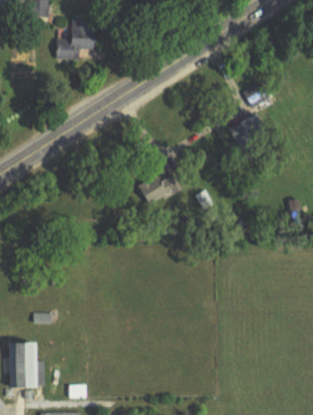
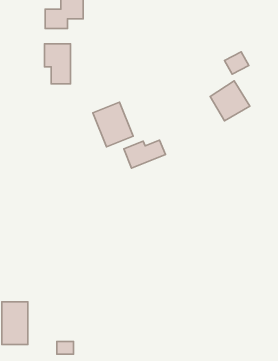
building: none -> [45,44,70,84]
building: none -> [93,102,133,147]

